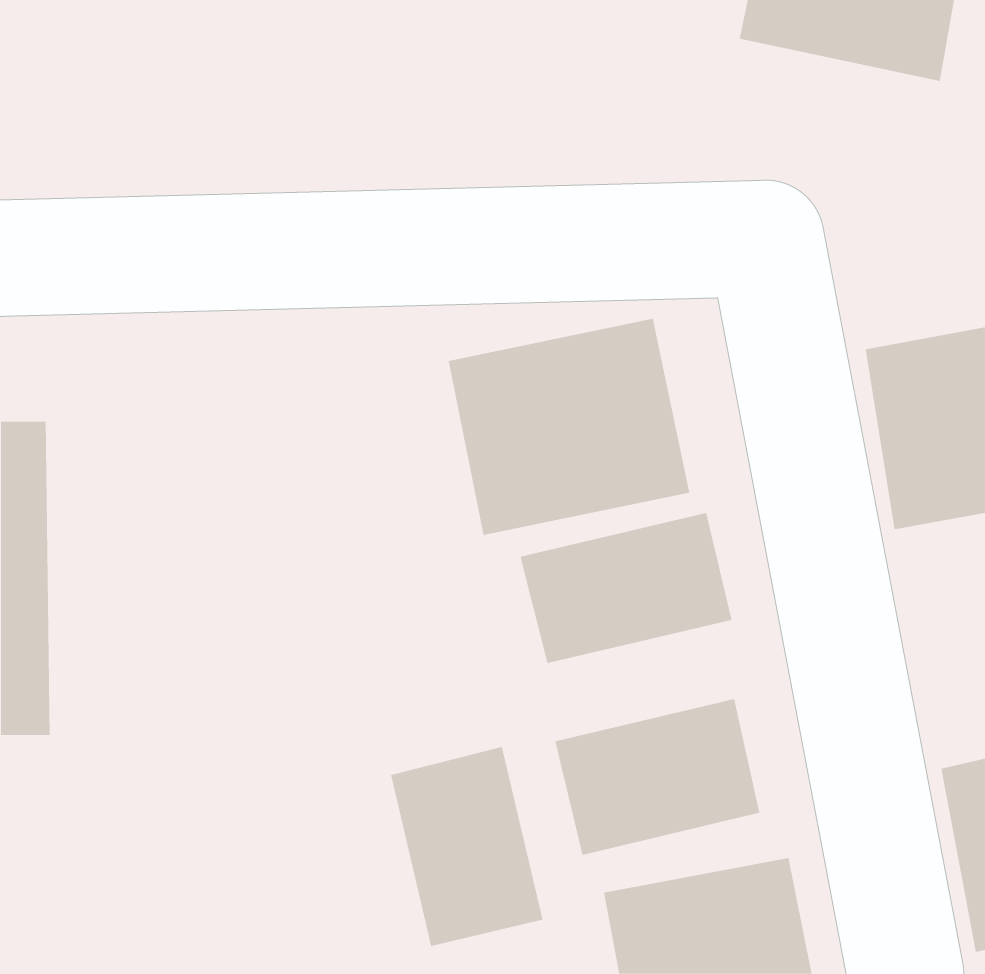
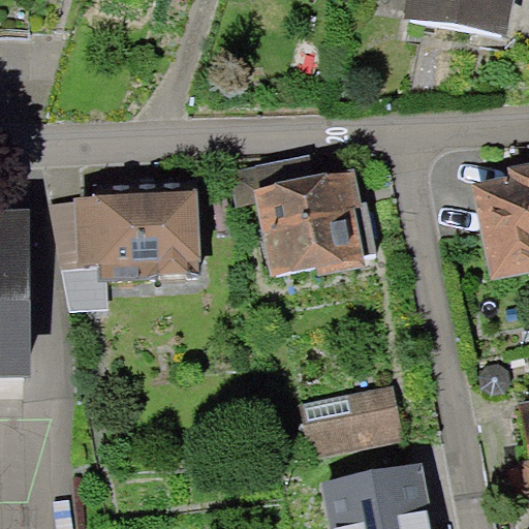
building: none -> [69,187,207,290]
building: [520,512,732,664] -> none
building: [390,746,543,947] -> none

